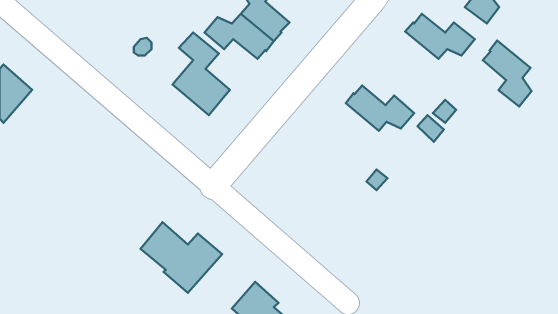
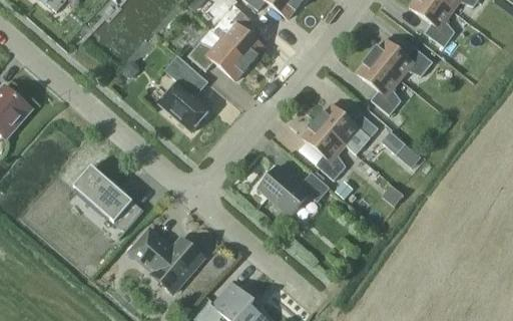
building: [483,40,531,107] -> [357,54,401,114]
building: none -> [302,119,346,181]
building: none -> [73,165,143,238]
building: none -> [258,165,329,216]

